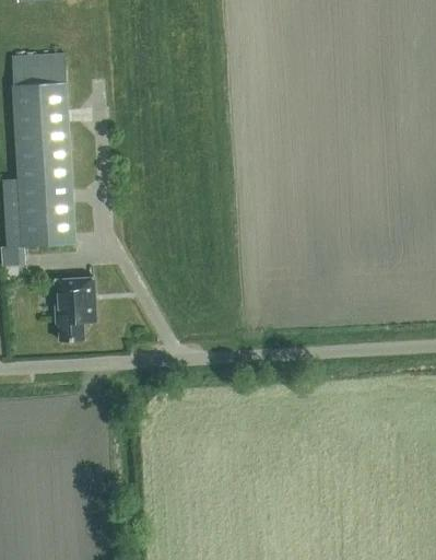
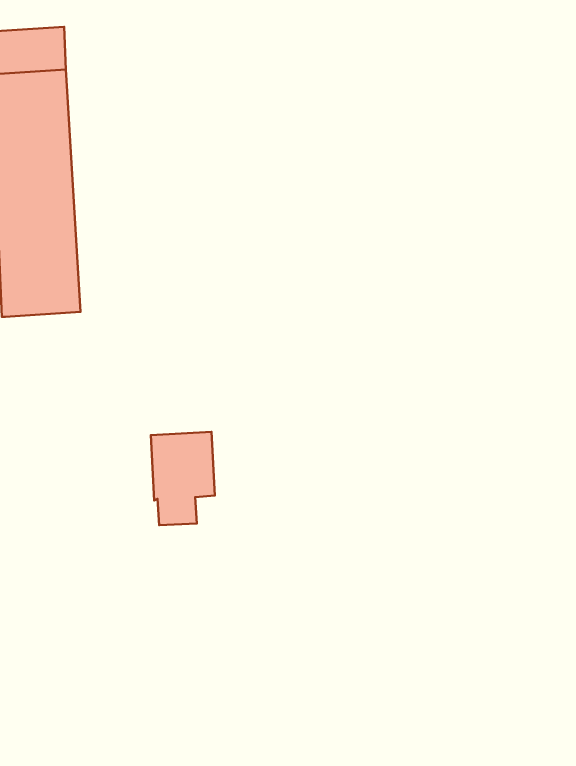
building: [54,278,96,340] -> [151,432,215,525]

